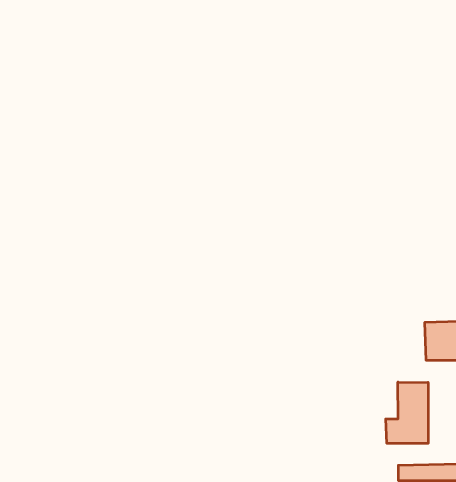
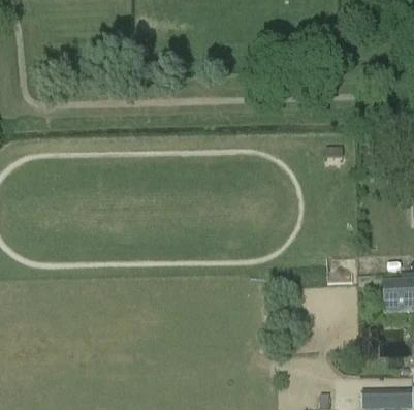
building: [386,382,428,443] -> none

